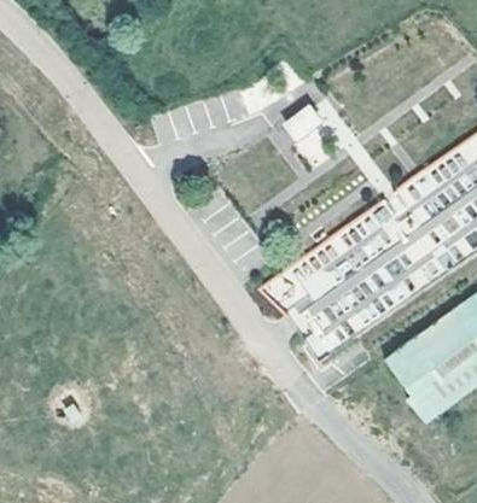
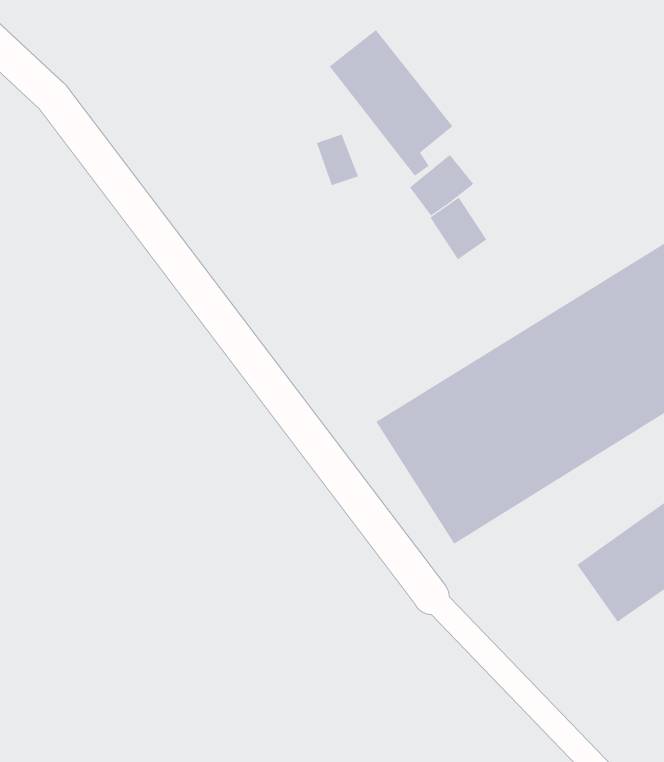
building: none -> [329,29,453,177]

